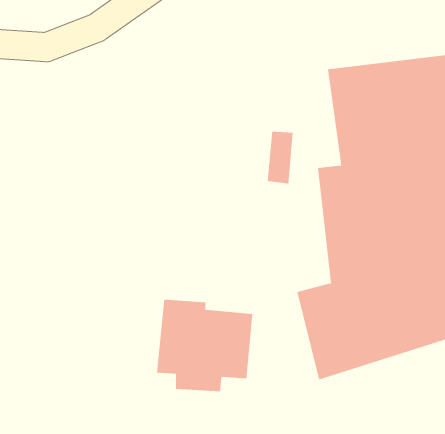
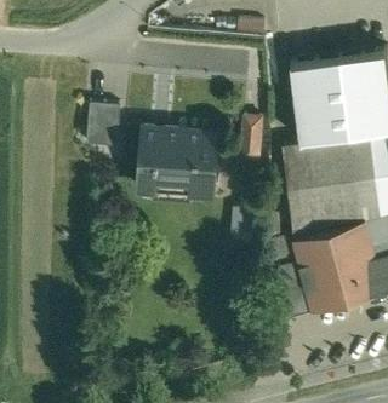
building: none -> [86,103,120,145]
building: [156,299,253,392] -> [137,127,217,203]

